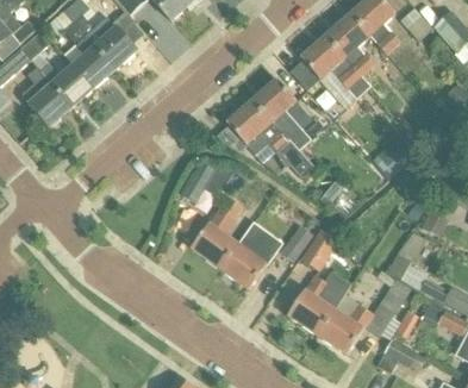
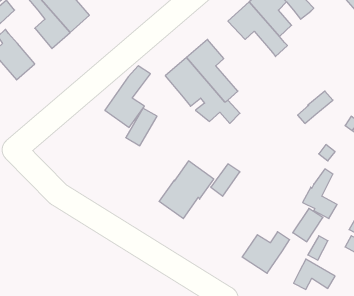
building: [40,63,92,107] -> none
building: [189,196,243,269] -> [105,66,150,127]
building: [300,227,338,271] -> none
building: [286,270,350,334] -> none

